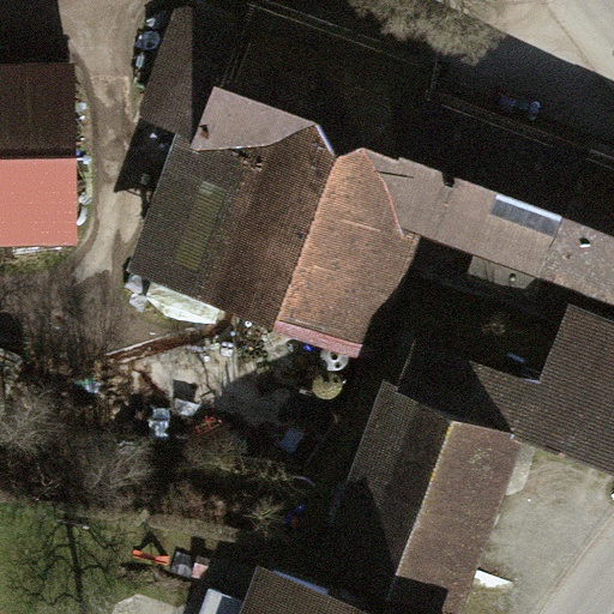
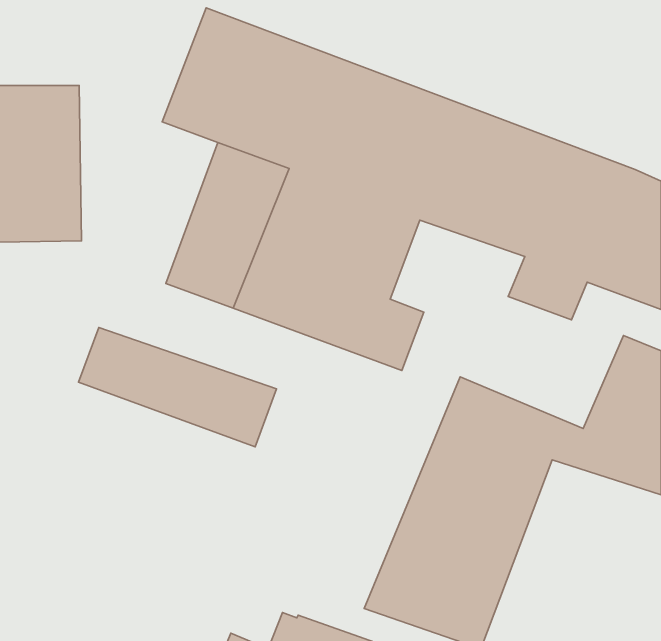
building: none -> [79,327,277,447]

